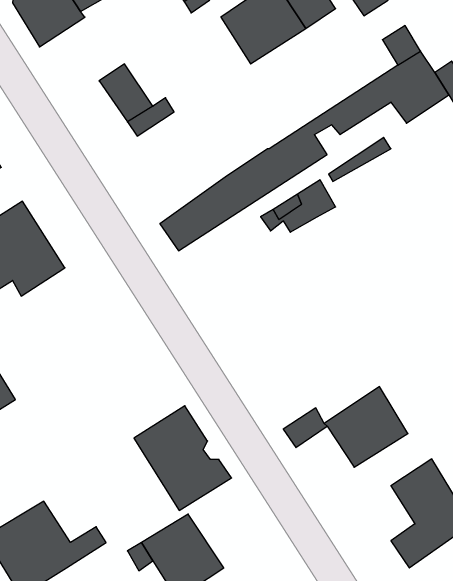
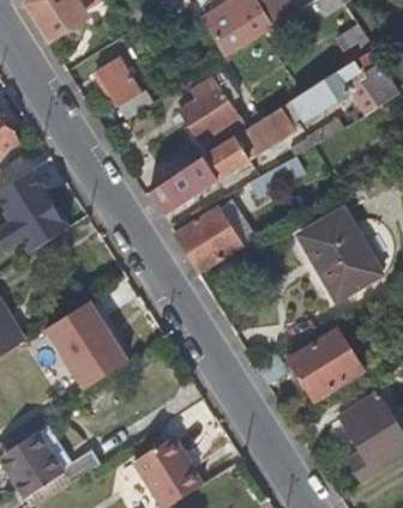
building: none -> [179,73,240,152]
building: none -> [175,199,255,272]
building: none -> [290,205,373,298]
building: [134,406,232,510] -> [44,300,127,388]

